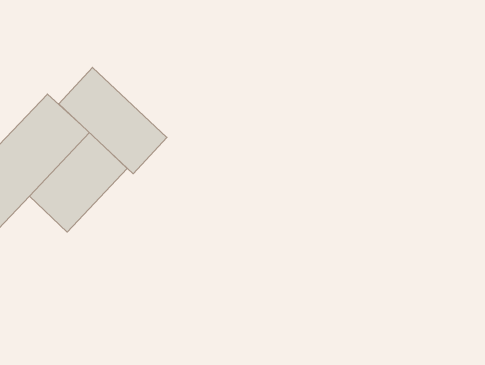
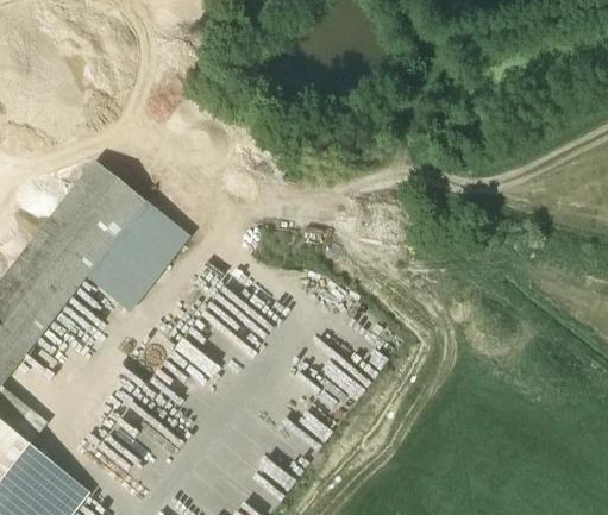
building: [59,67,167,174] -> none

